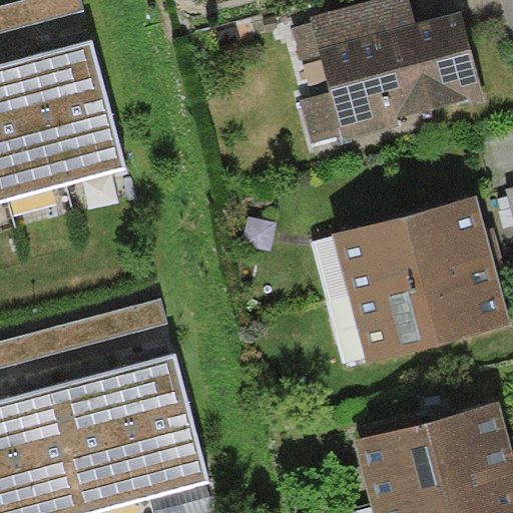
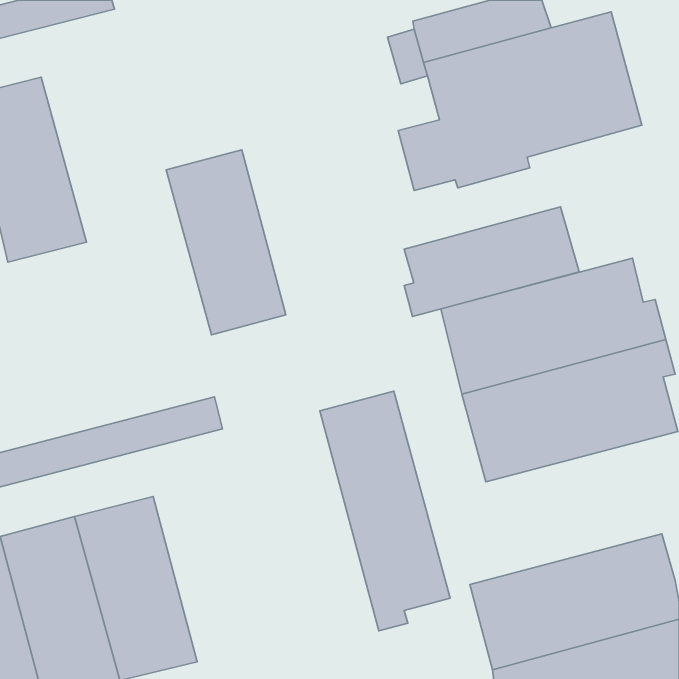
building: [31,44,121,183] -> [166,150,286,335]
building: none -> [404,207,579,316]
building: none -> [320,391,450,631]
building: [115,359,207,499] -> none

